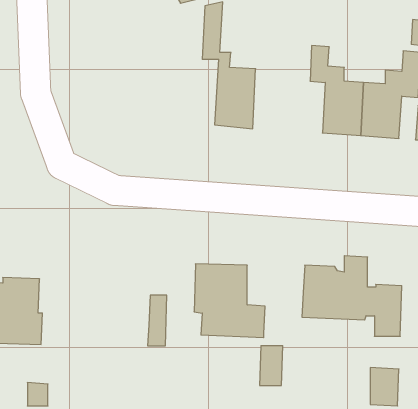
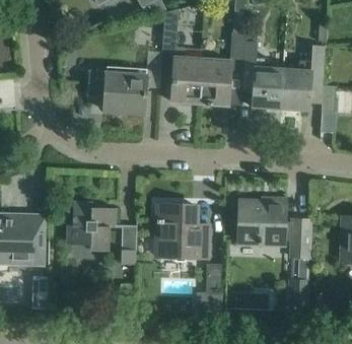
building: none -> [200,31,244,105]
building: none -> [88,50,162,112]
building: none -> [67,201,115,250]

